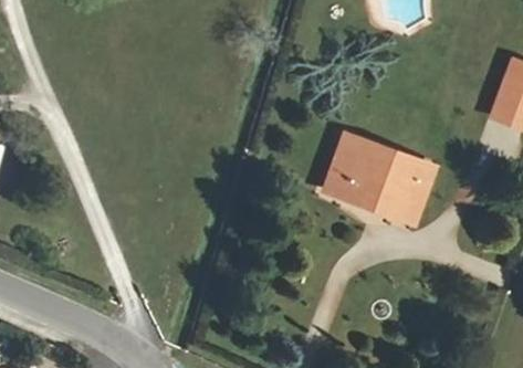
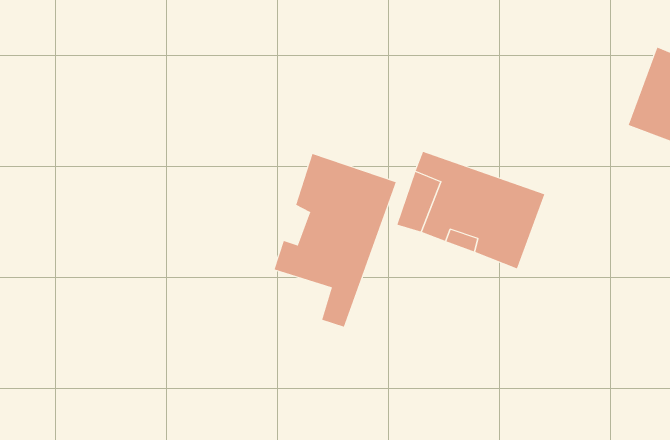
building: none -> [274,153,396,327]

